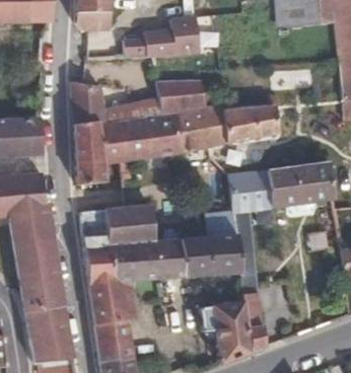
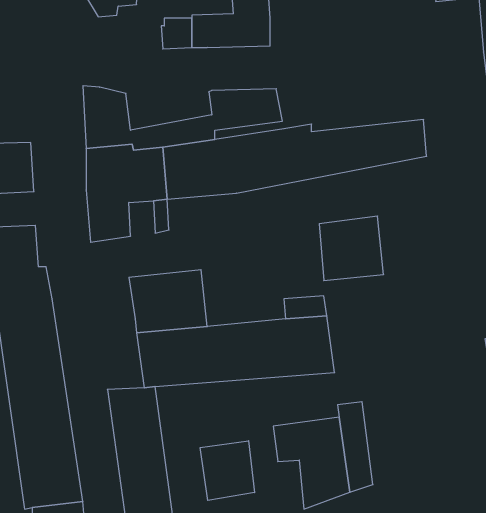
building: [269,161,336,207] -> none
building: [83,236,115,283] -> none
building: none -> [200,441,255,500]

